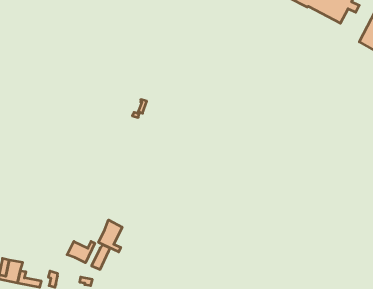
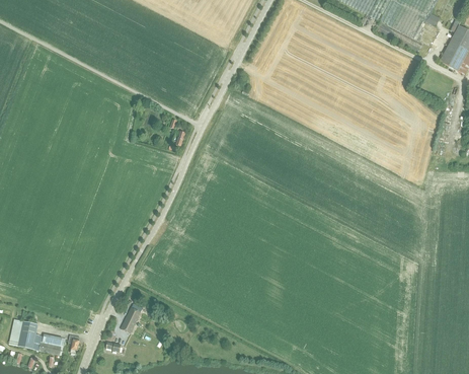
building: [99,220,122,252] -> none
building: [67,241,95,263] -> none

